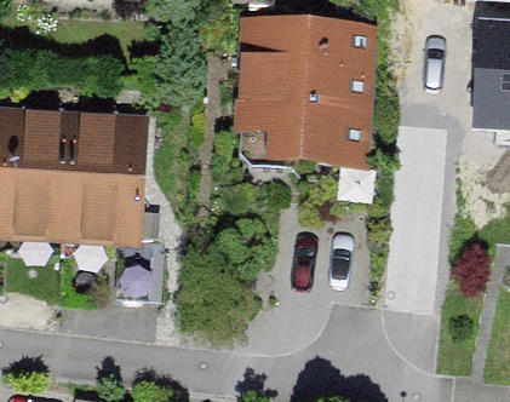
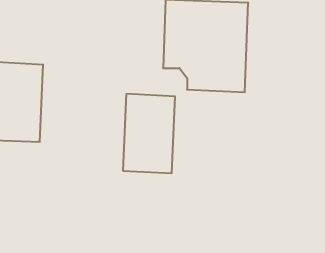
building: [64,124,141,240] -> [123,94,175,173]

